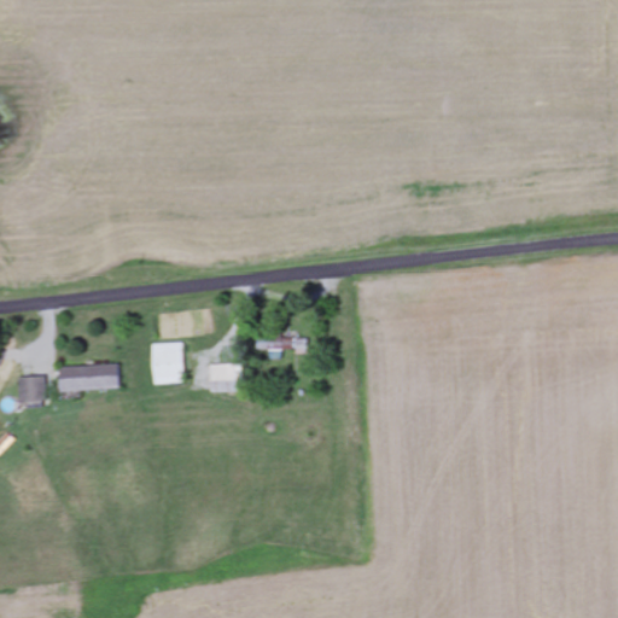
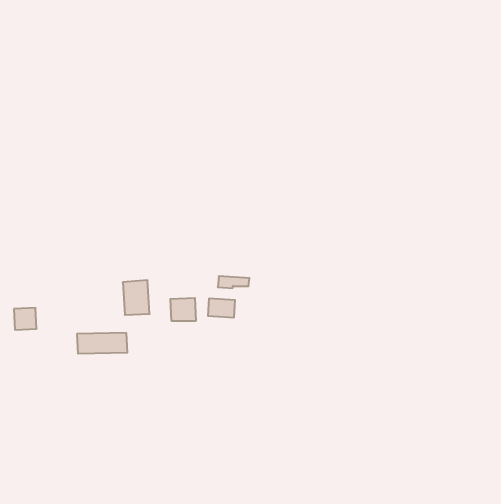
building: none -> [208,298,235,318]
building: [57,365,118,390] -> [77,333,127,354]

